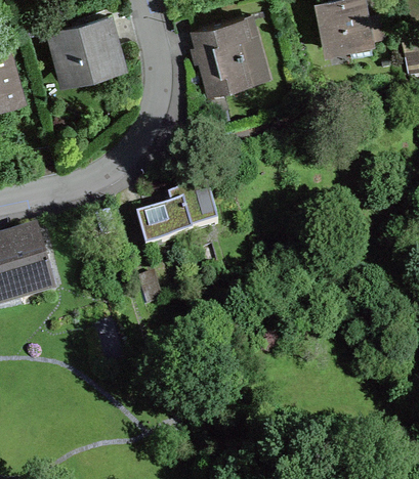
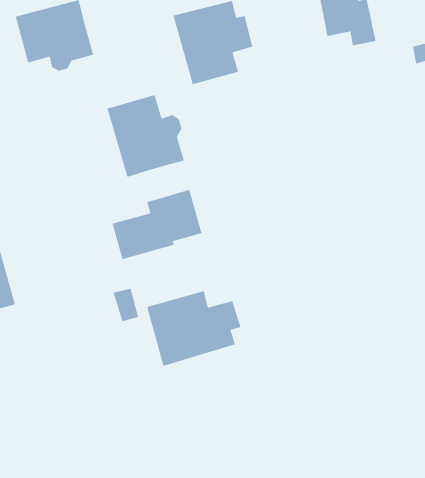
building: none -> [107,94,185,178]
building: none -> [146,290,242,367]

